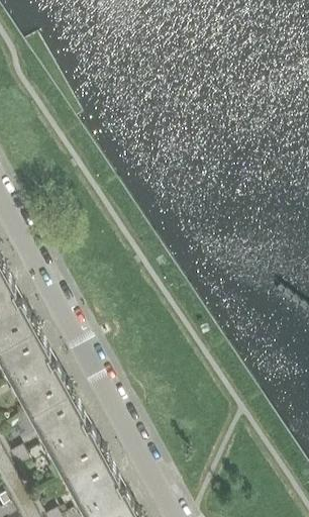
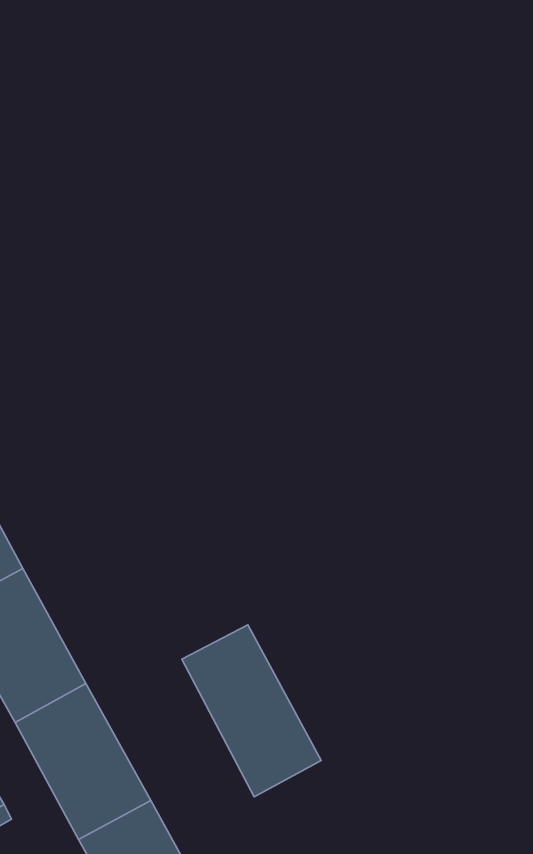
building: none -> [182,625,321,797]

